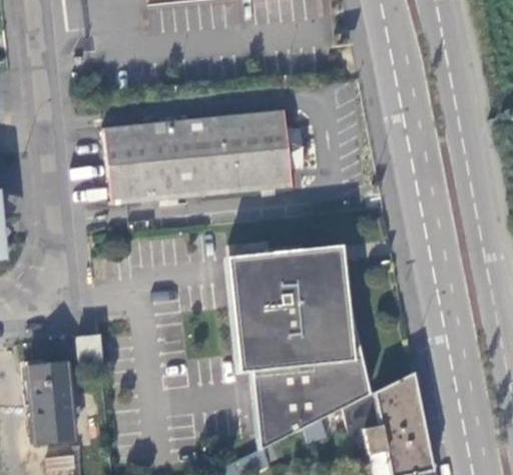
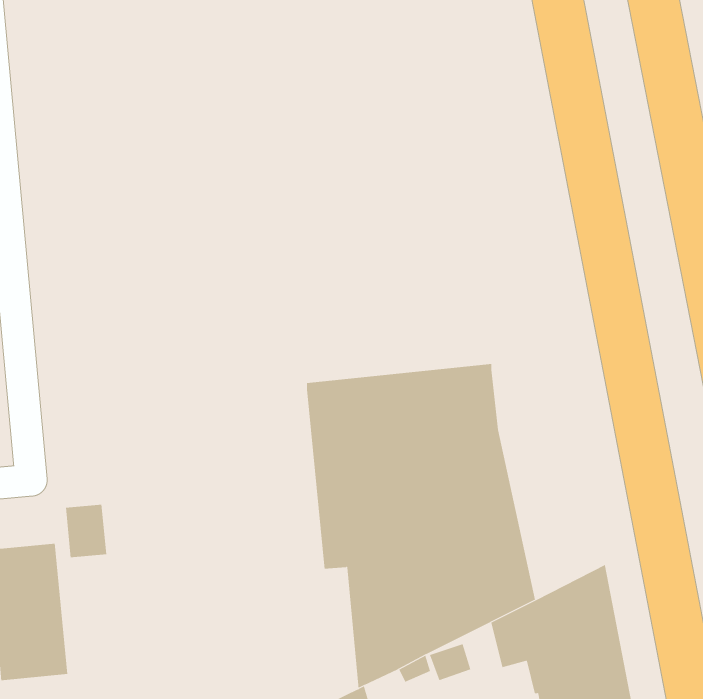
building: [105,109,306,203] -> none

